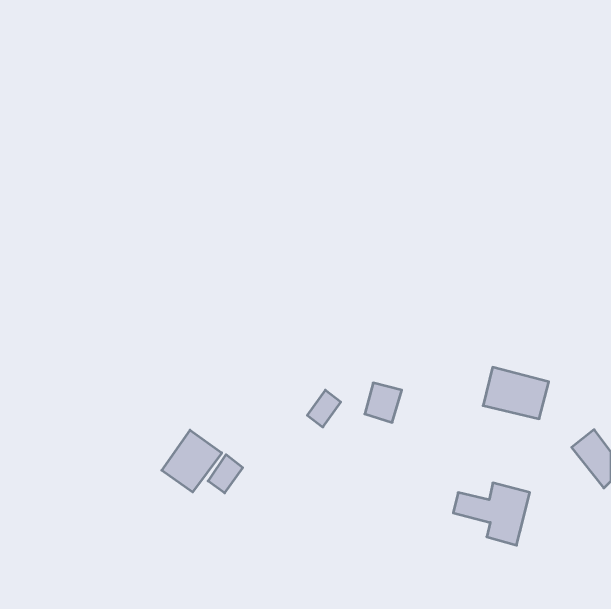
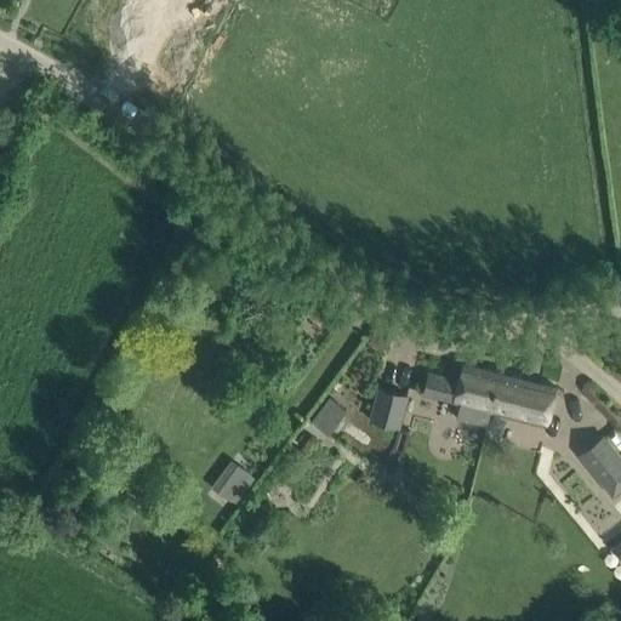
building: [162,430,222,492] -> none
building: [453,483,530,545] -> [422,365,500,428]

